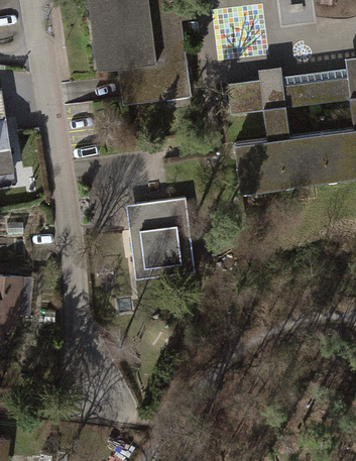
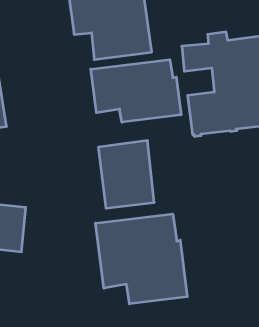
building: none -> [91,60,181,122]
building: none -> [96,214,187,304]

